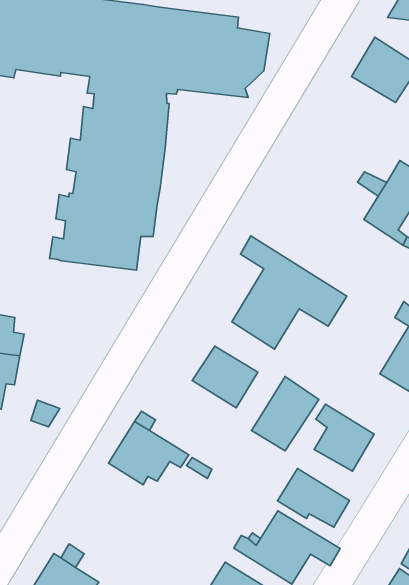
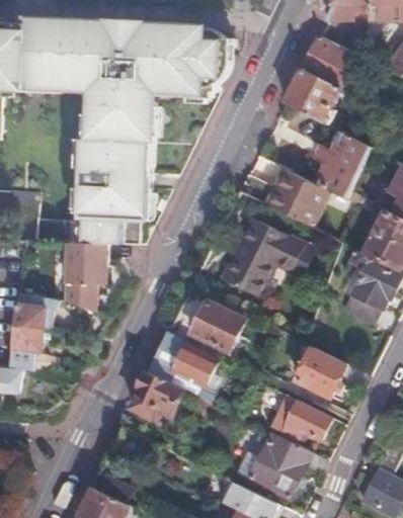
building: none -> [280,68,337,123]
building: none -> [262,167,326,226]
building: none -> [67,242,125,320]
building: [252,377,319,451] -> none
building: none -> [169,344,217,386]

